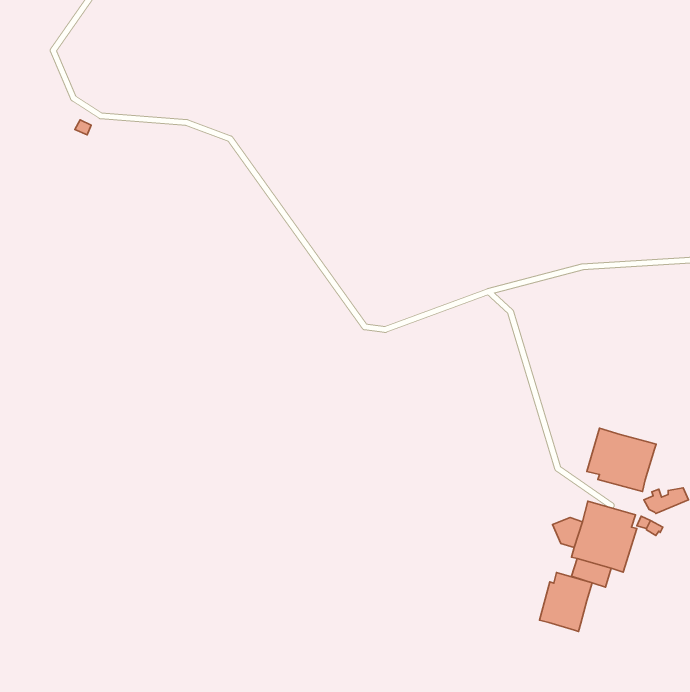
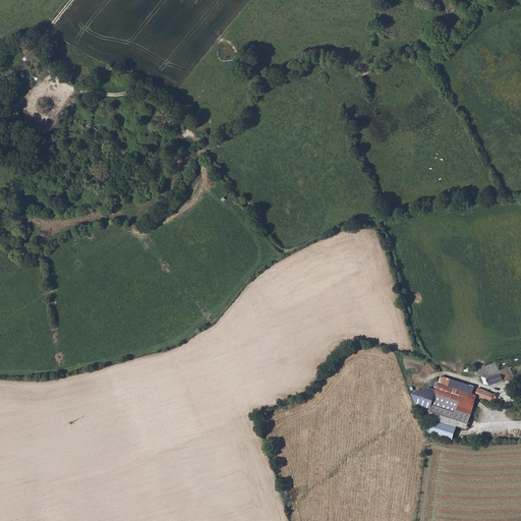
building: [587,428,656,491] -> none
building: [540,572,592,631] -> none

